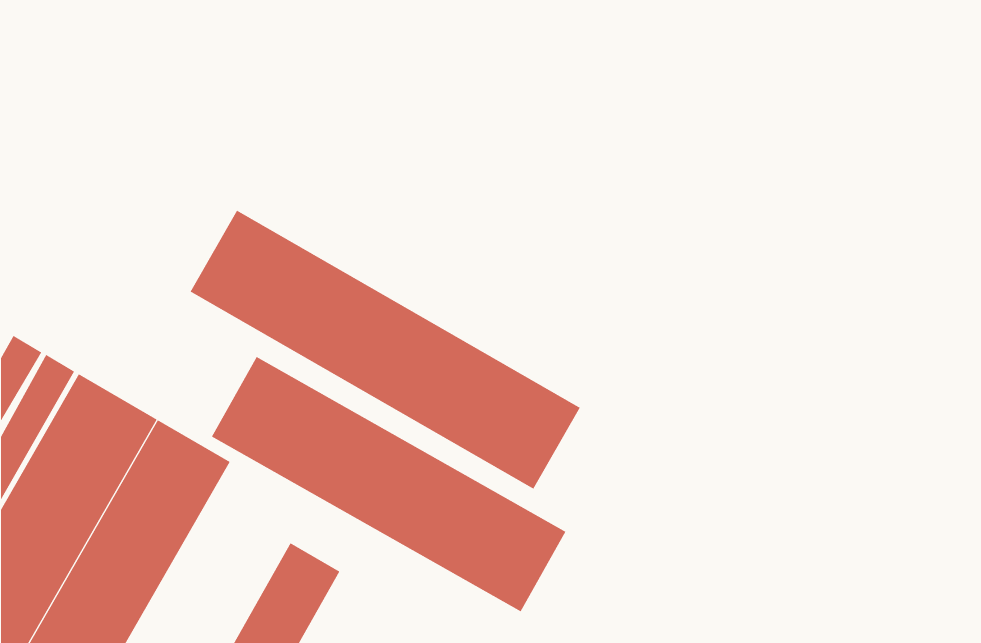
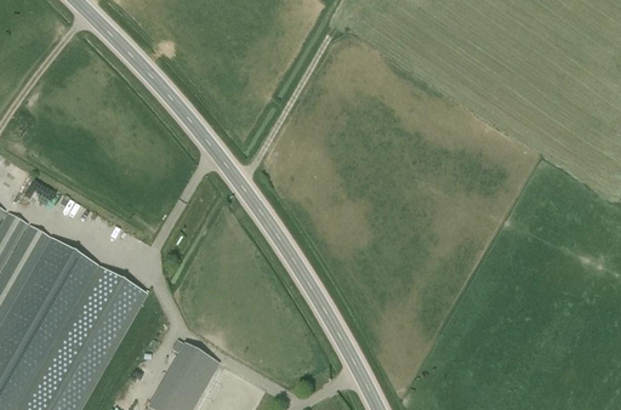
building: [190,210,580,490] -> none
building: [211,356,566,612] -> none

